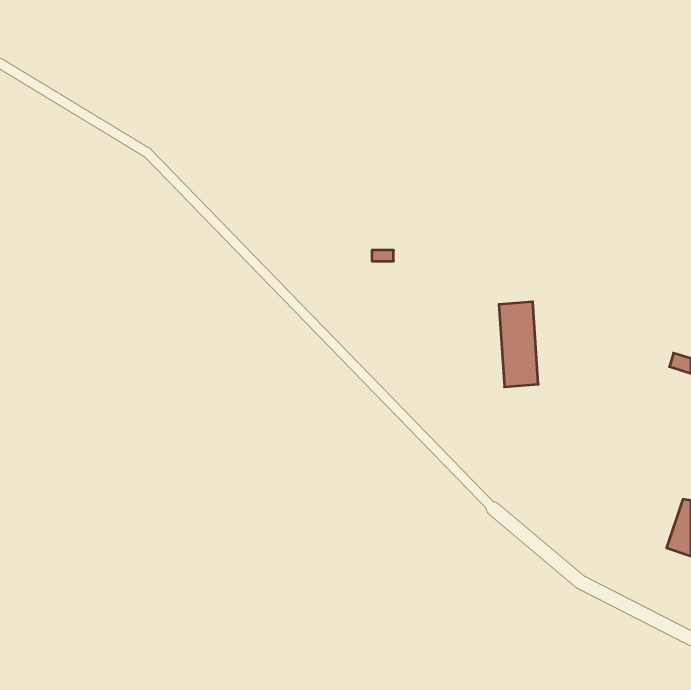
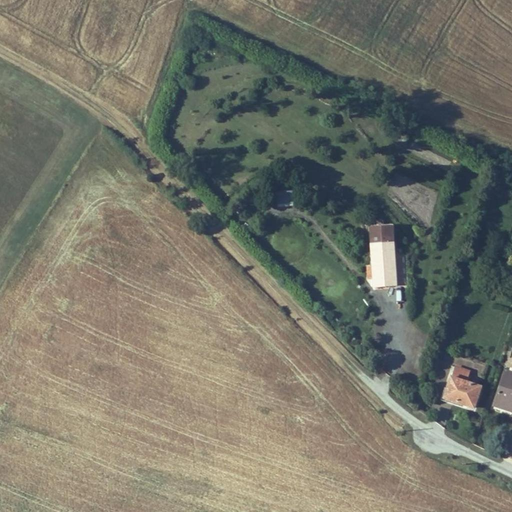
building: none -> [442,364,482,410]

